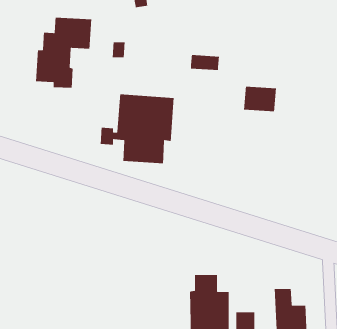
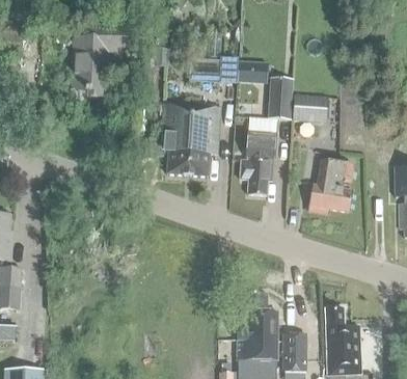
building: none -> [268,78,293,119]
building: none -> [239,131,278,194]
building: none -> [307,163,353,213]

